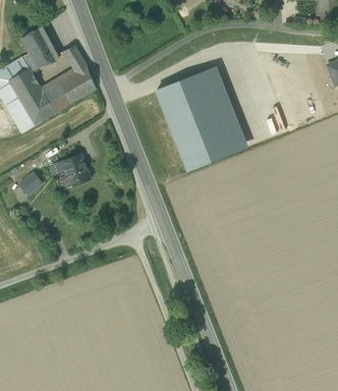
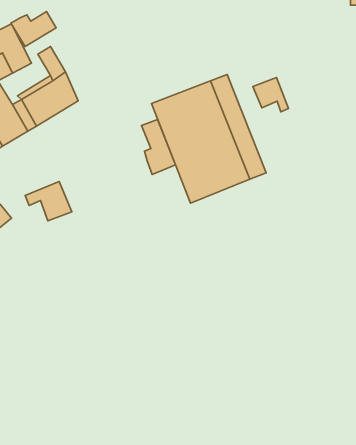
building: none -> [11,12,56,46]
building: none -> [253,78,289,112]
building: none -> [141,119,175,174]

